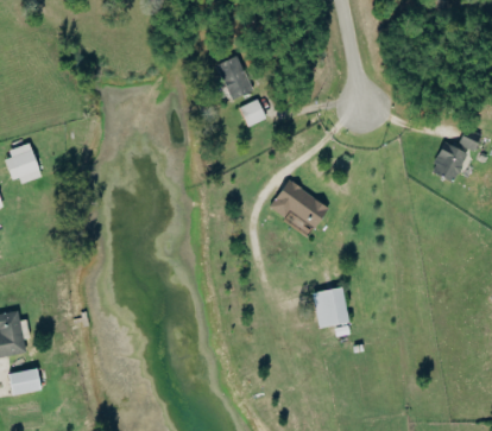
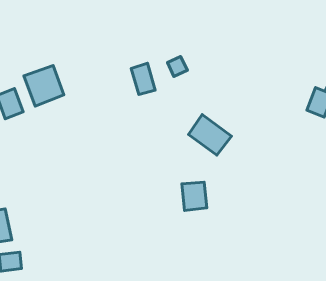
building: [219,56,252,99] -> [131,63,155,94]
building: none -> [24,65,64,106]
building: [313,287,347,327] -> [182,182,207,211]

